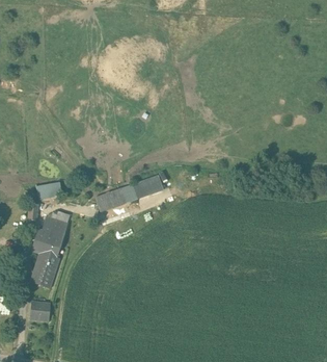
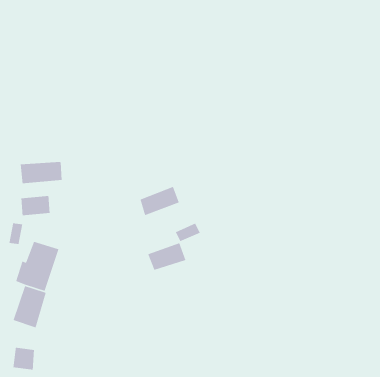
building: none -> [20,161,63,184]
building: [94,187,126,210] -> [147,242,186,271]

